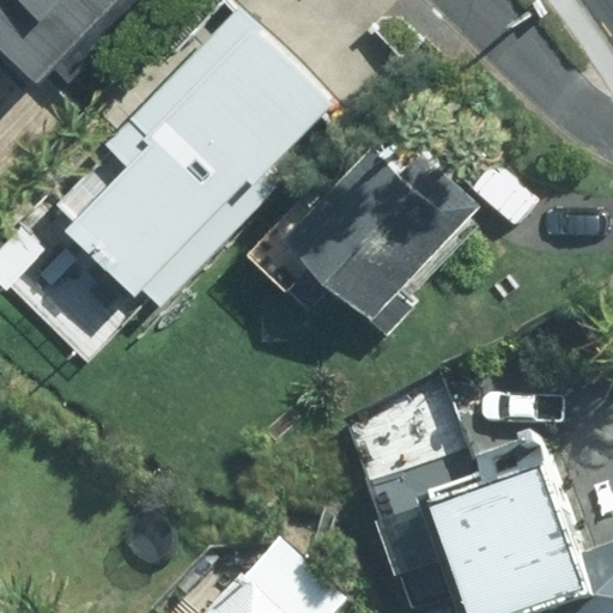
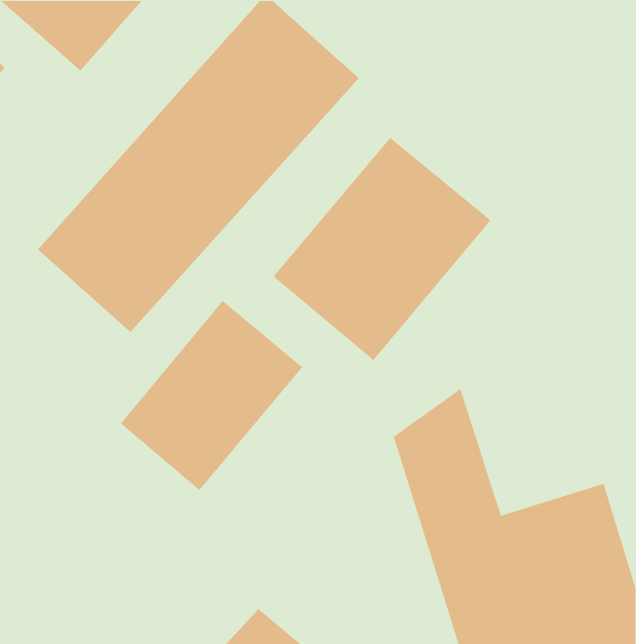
building: none -> [120,300,303,491]

